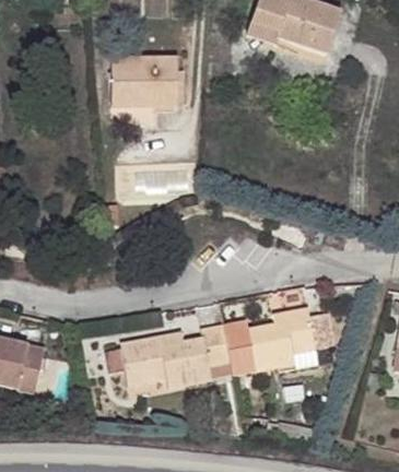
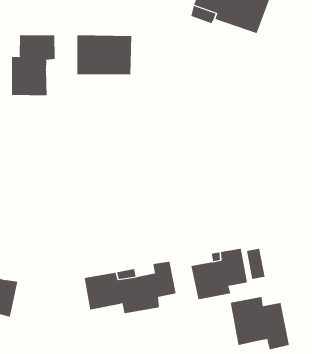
building: none -> [11,35,55,96]
building: none -> [230,296,289,350]

